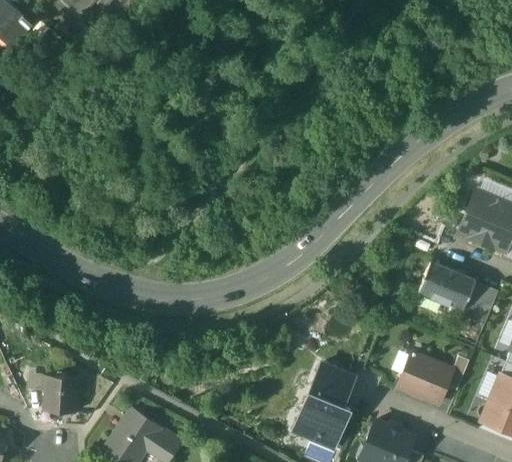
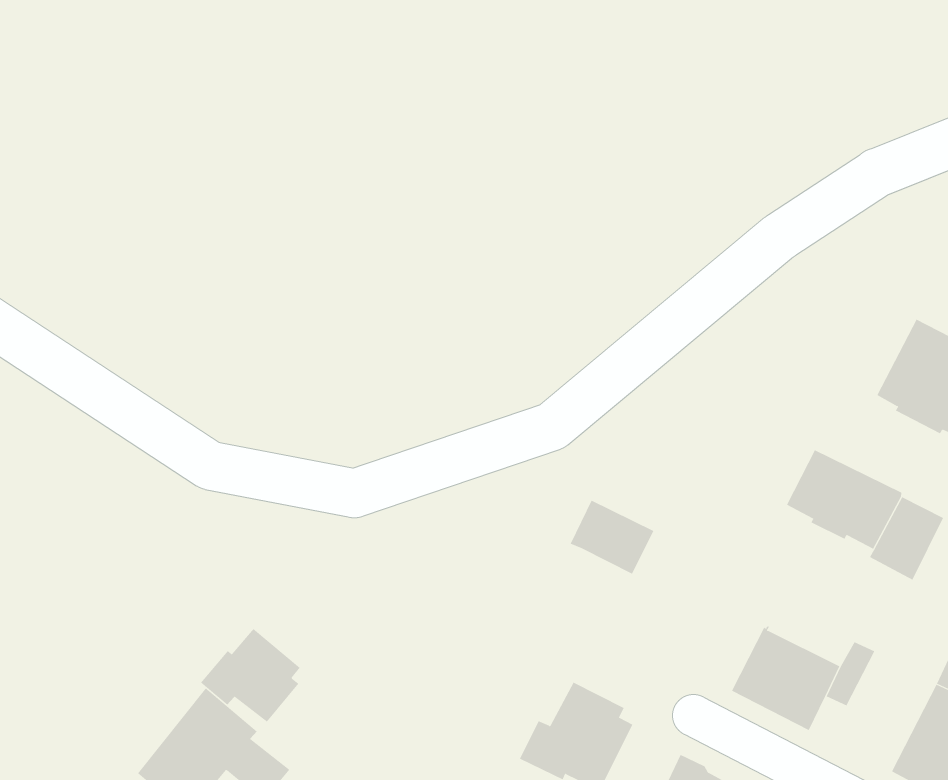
building: [312,363,354,399] -> [570,500,654,575]
building: [42,374,76,413] -> none
building: none -> [200,628,301,723]

